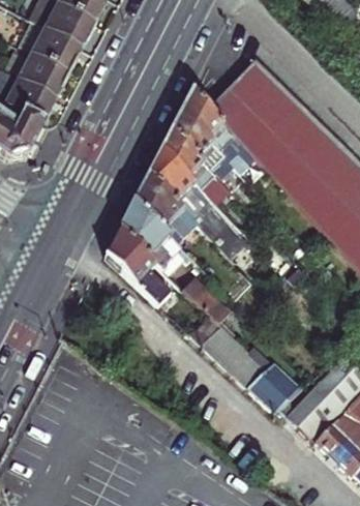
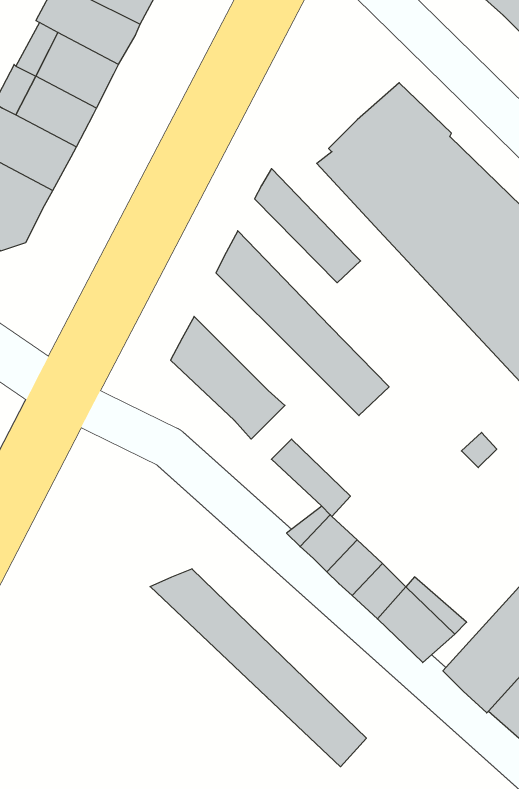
building: [179,86,245,161] -> none
building: [158,126,231,205] -> none
building: [131,172,197,244] -> none
building: [103,226,171,302] -> none
building: none -> [150,569,366,767]

